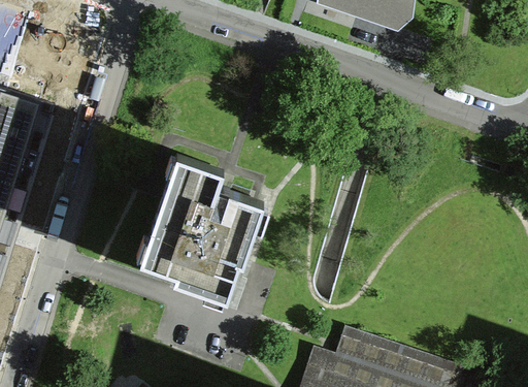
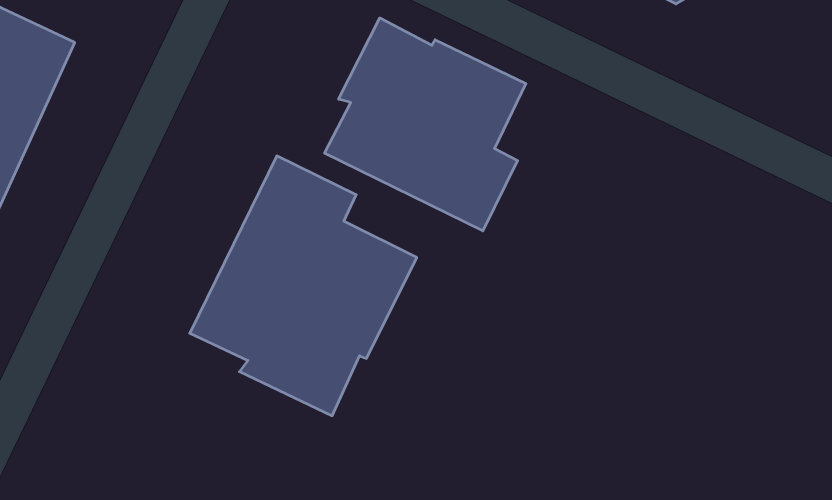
building: none -> [325,18,526,231]

